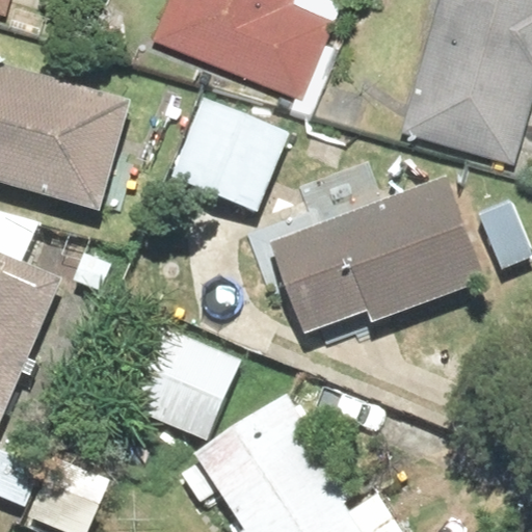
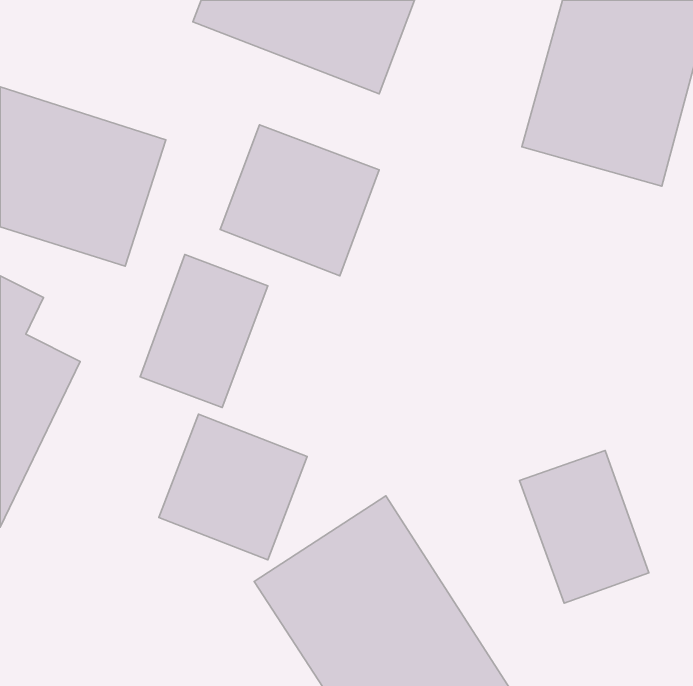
building: [264,176,483,342] -> none
building: none -> [140,255,268,407]
building: none -> [520,450,649,603]

